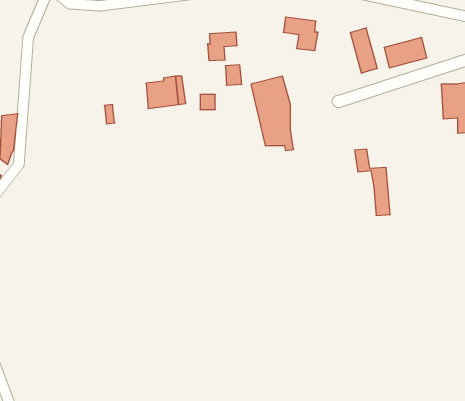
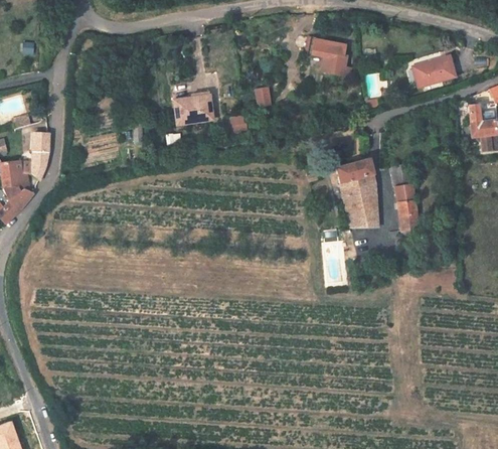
building: [350,28,377,73] -> none
building: [208,32,237,61] -> none
building: [251,76,294,150] -> [338,160,380,234]

